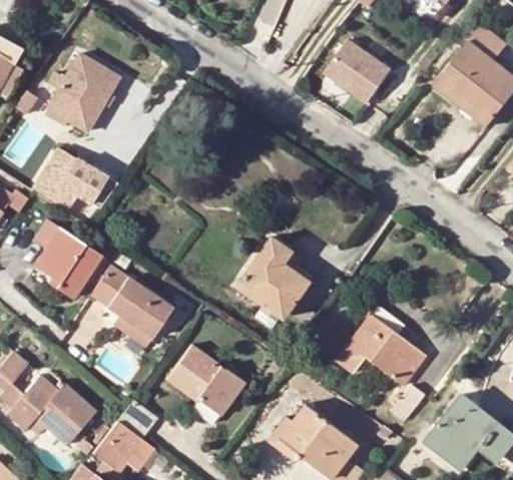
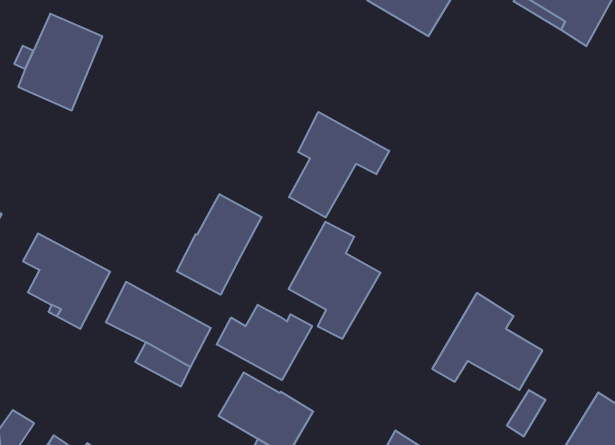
building: [32,147,116,215] -> none
building: none -> [289,112,389,217]
building: none -> [177,194,262,295]
building: none -> [217,305,312,380]

